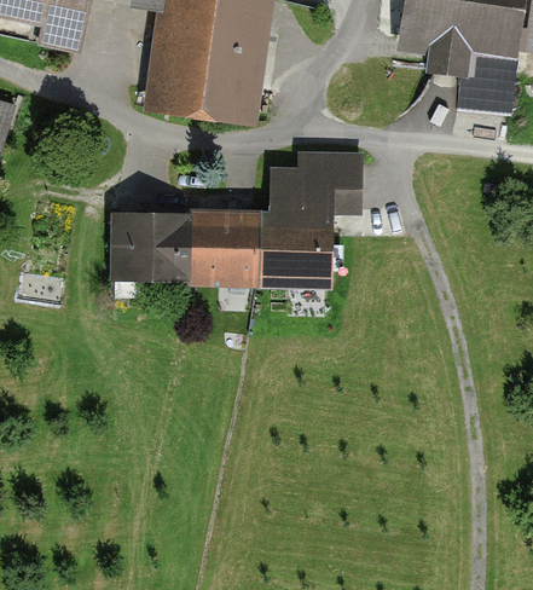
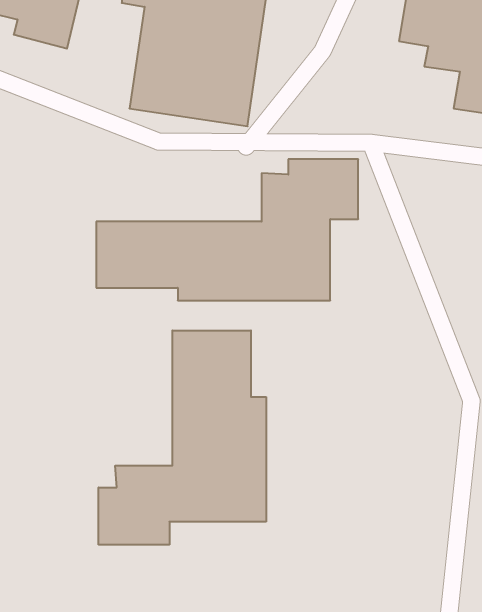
building: none -> [99,330,266,545]

